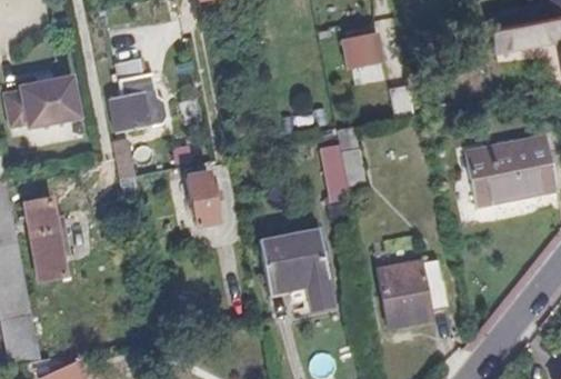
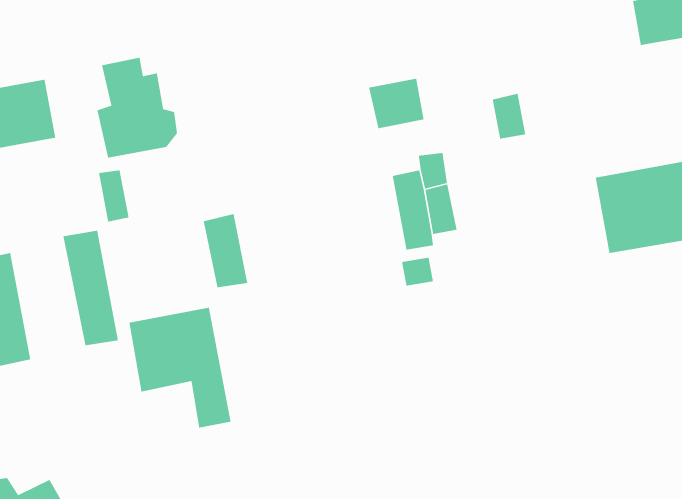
building: [344,33,384,70] -> [368,78,425,129]
building: none -> [63,230,119,346]
building: [260,235,333,321] -> [128,307,231,429]
building: [379,259,444,321] -> none

